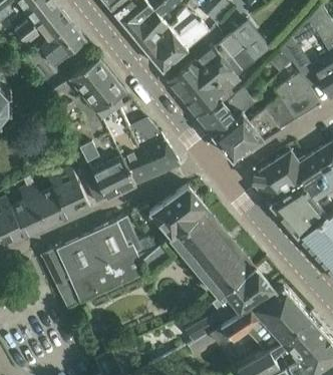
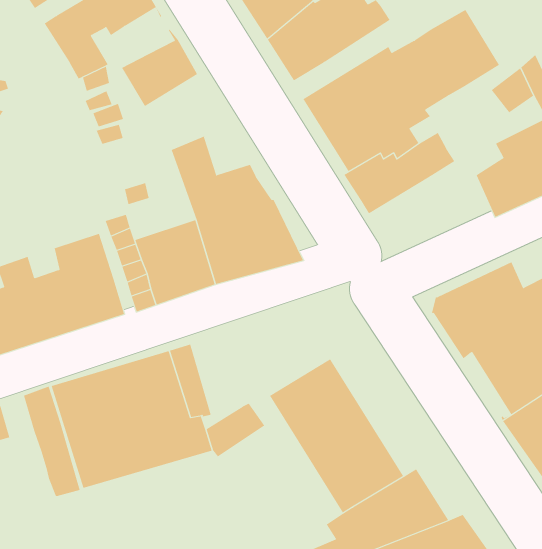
building: [85,74,131,116] -> none
building: [212,108,279,160] -> none
building: [149,185,208,240] -> none

